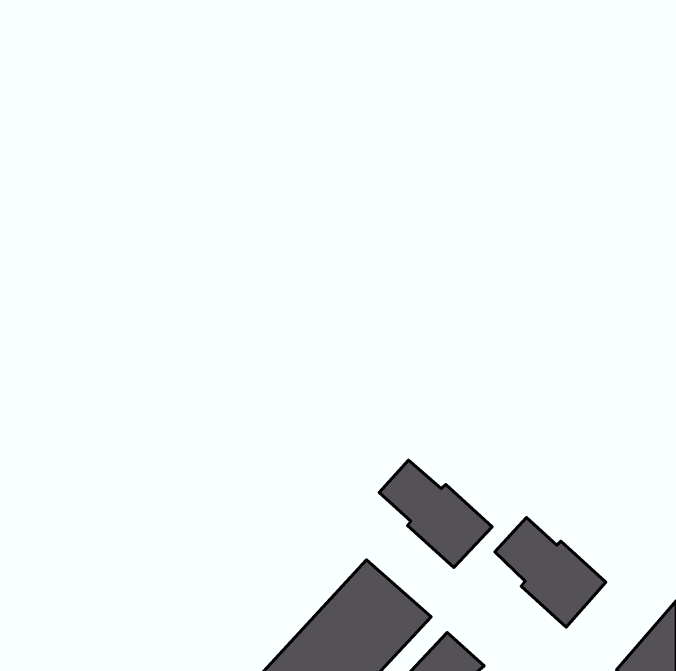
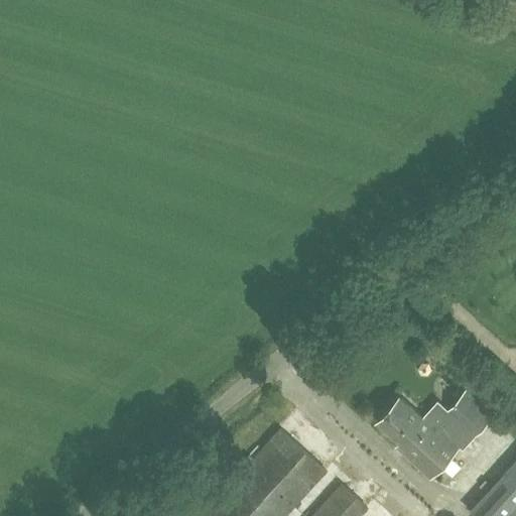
building: [379,460,492,568] -> none
building: none -> [445,391,495,441]

